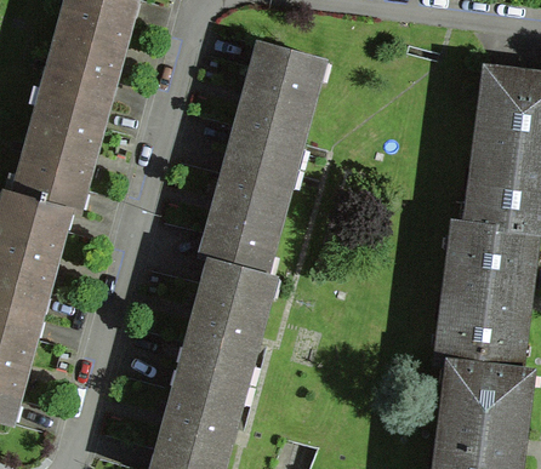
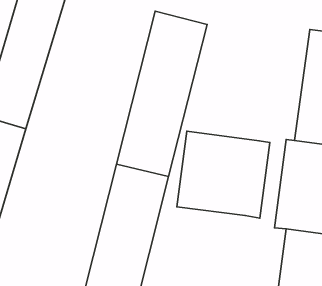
building: none -> [177,131,270,218]

